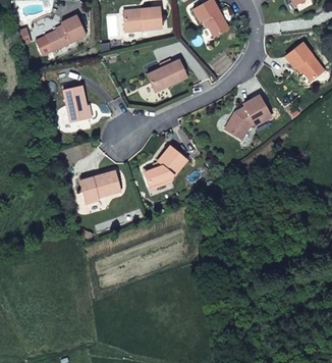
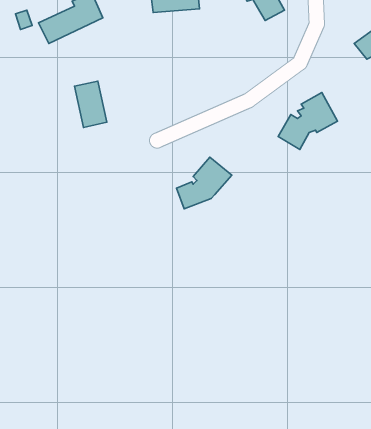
building: [147,59,187,93] -> none
building: [79,170,120,201] -> none

